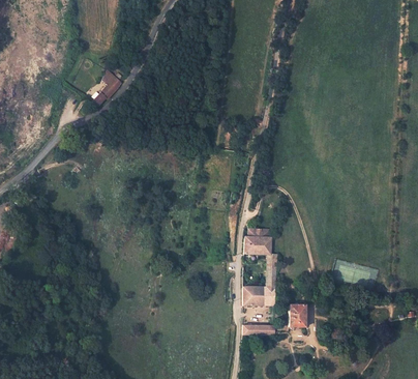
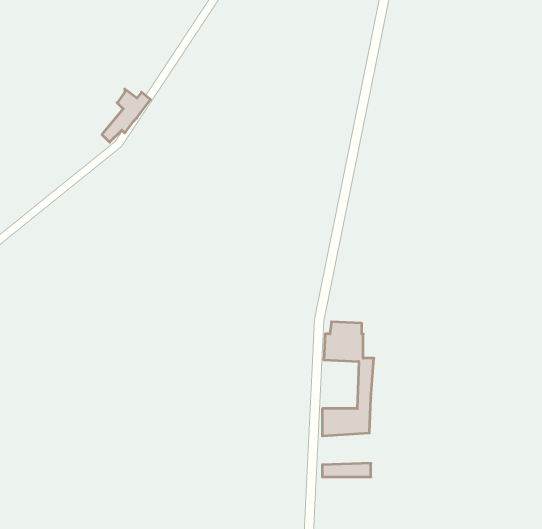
building: [289,301,305,327] -> none

